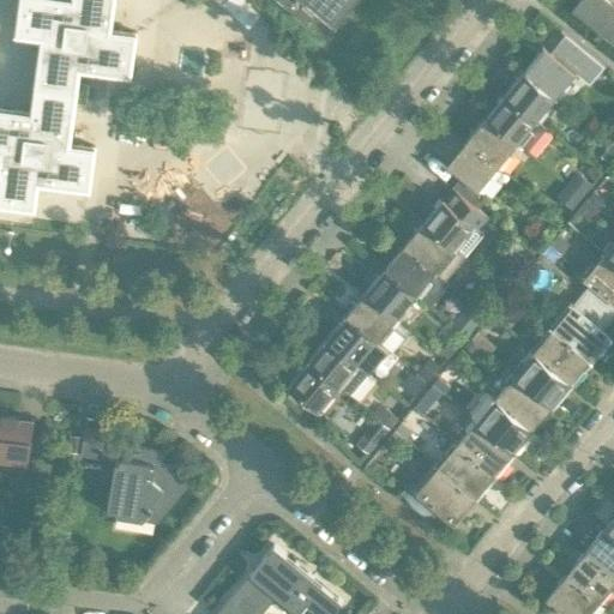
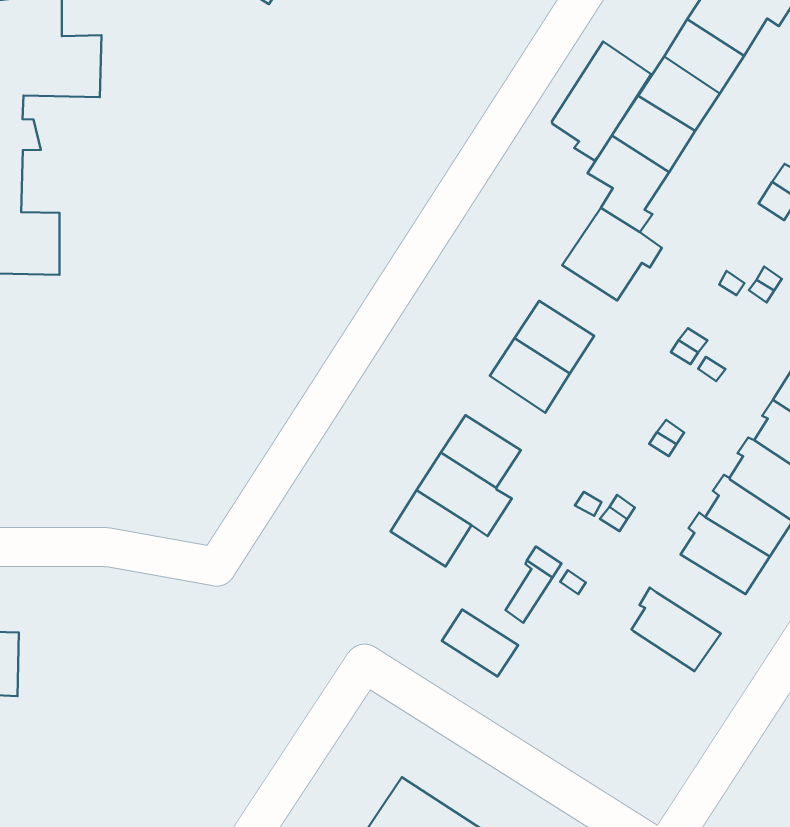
building: none -> [552,42,651,161]
building: [403,224,455,273] -> none
building: [345,291,398,343] -> none
building: [457,421,516,480] -> none
building: [80,428,193,526] -> none
building: none -> [442,609,518,676]
building: [414,468,476,526] -> none

